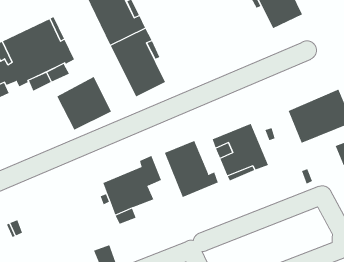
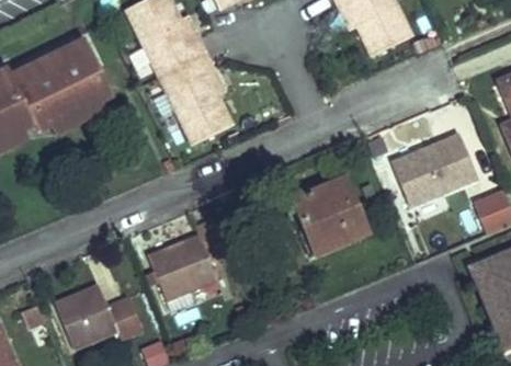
building: [57,76,112,131] -> none
building: [164,140,219,198] -> none
building: none -> [54,284,145,347]

